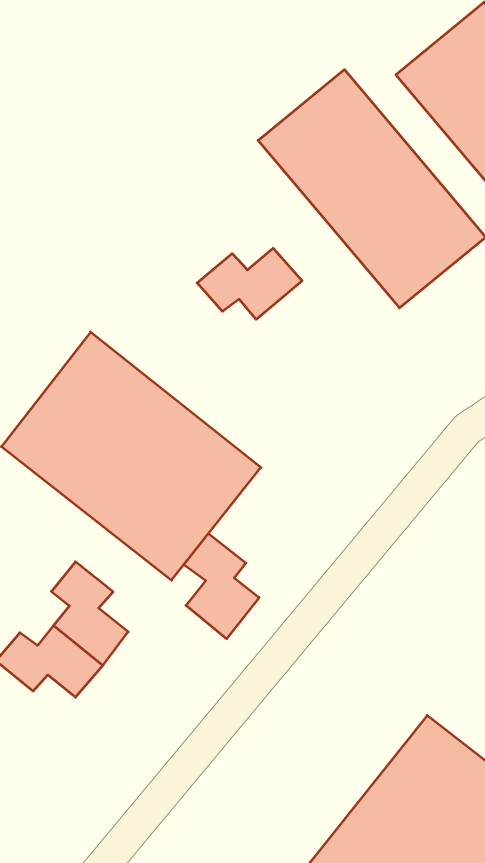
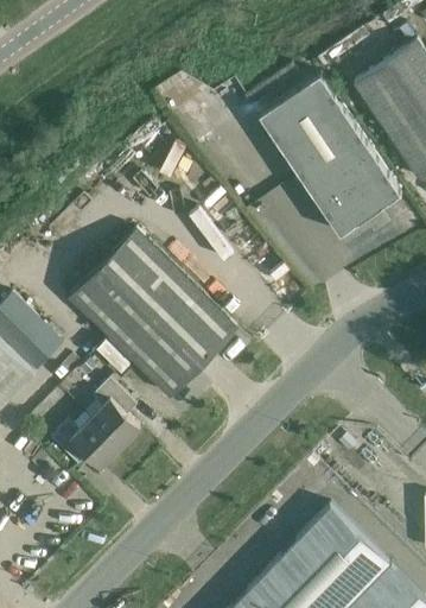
building: [197,248,302,319] -> none
building: [184,533,259,639] -> none

